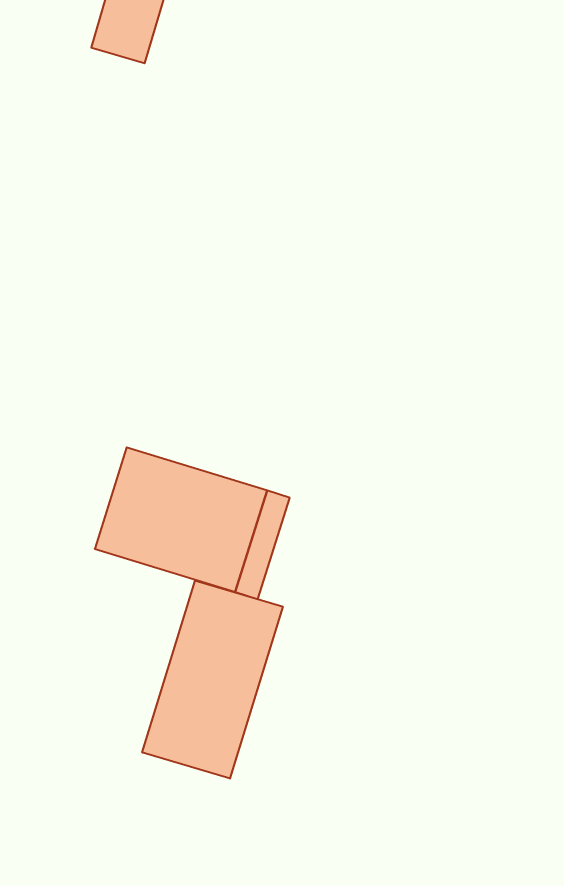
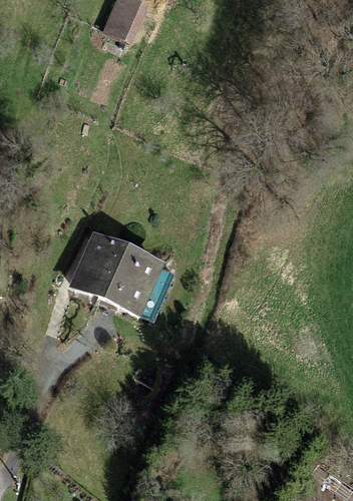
building: [142,580,283,779] -> none

